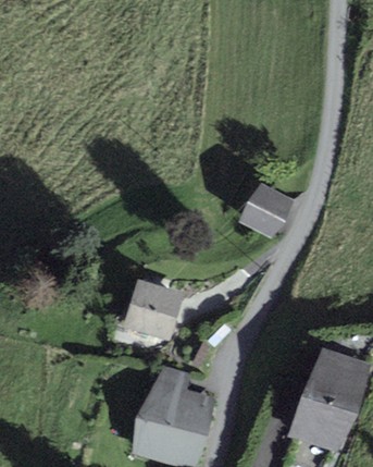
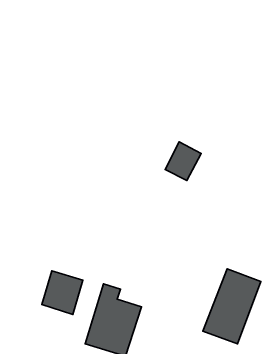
building: [126,282,179,339] -> [42,271,83,315]

